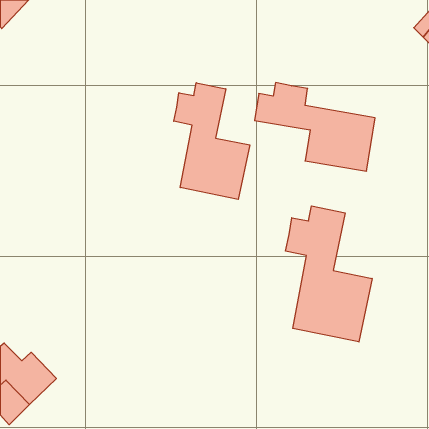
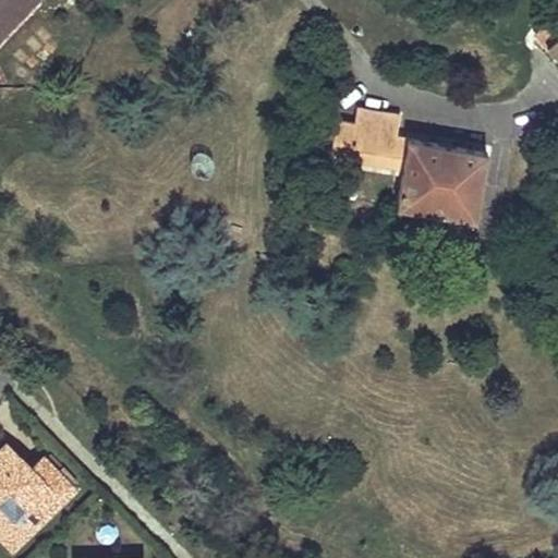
building: [174,83,250,199] -> none
building: [286,206,372,342] -> none

